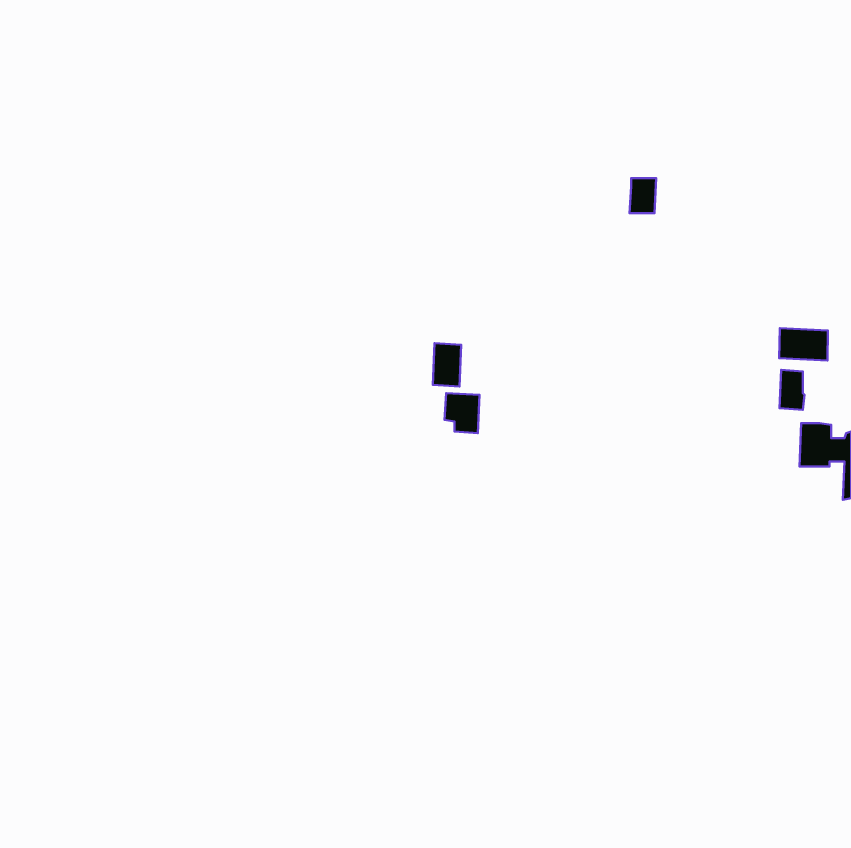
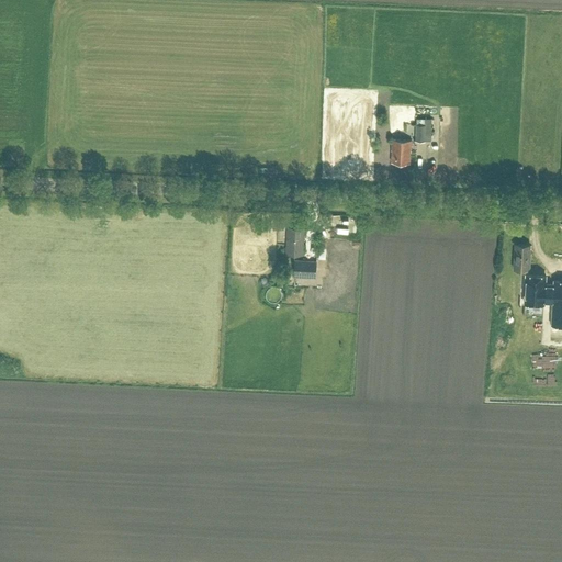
building: none -> [391,140,411,165]
building: [779,328,828,360] -> none

